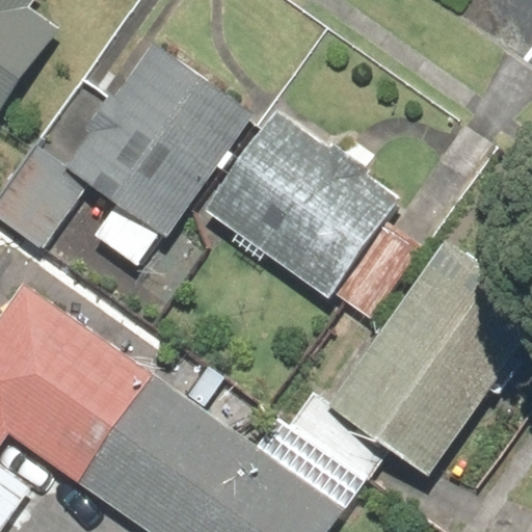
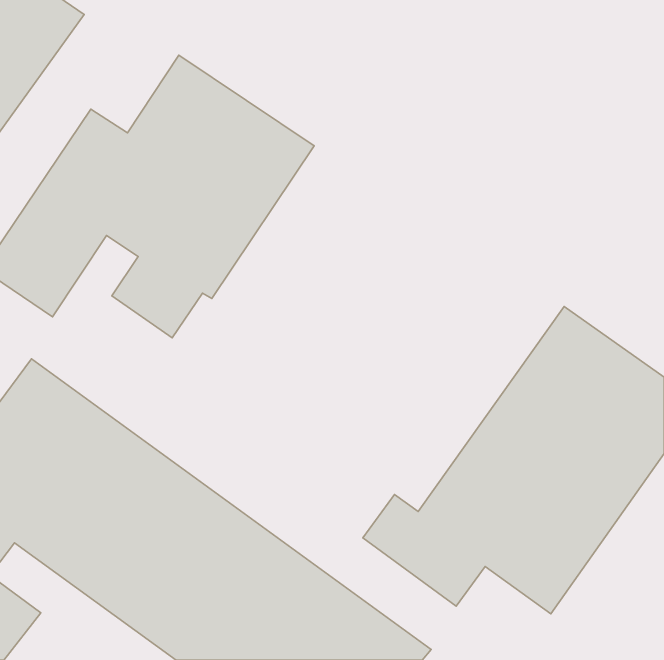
building: [205,114,414,315] -> none

